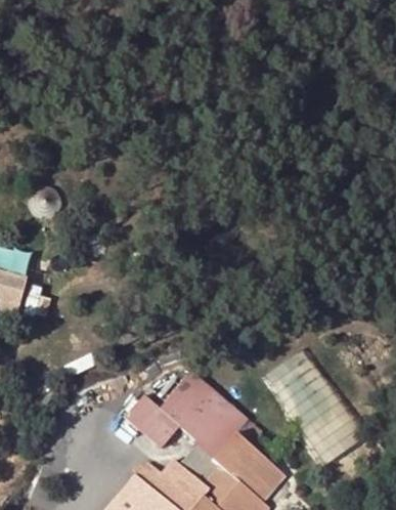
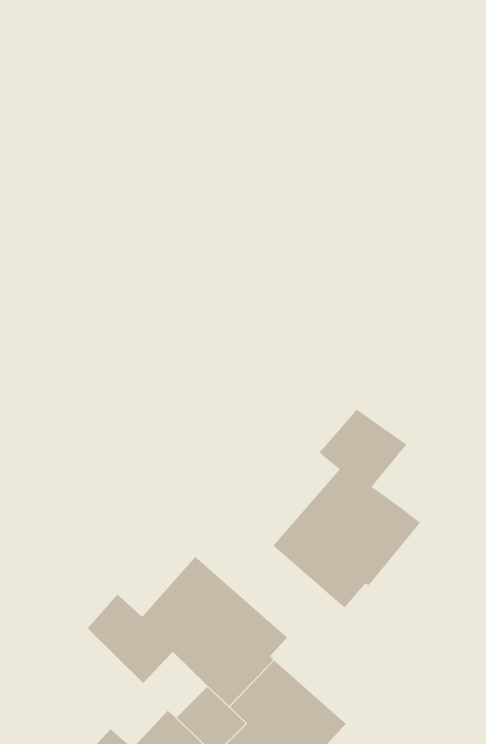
building: none -> [273,409,421,608]

